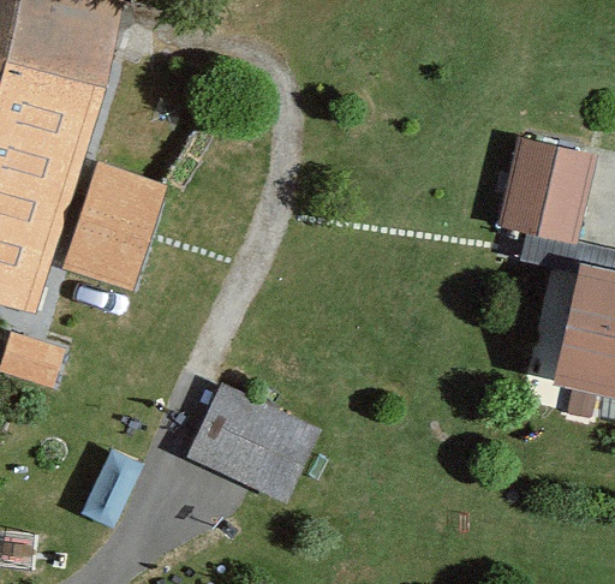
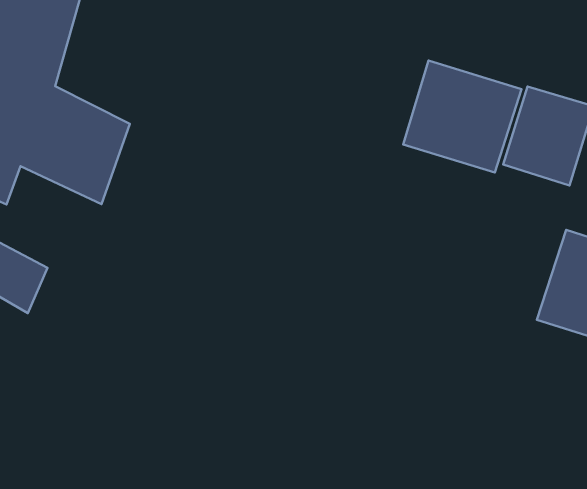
building: none -> [403,61,521,172]
building: [196,399,311,499] -> none

